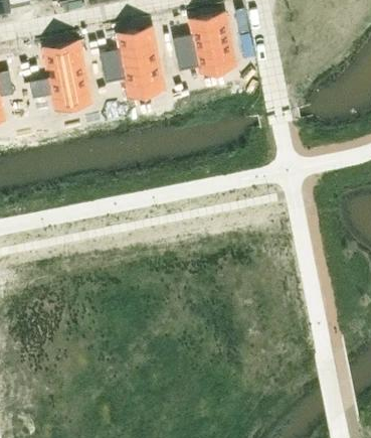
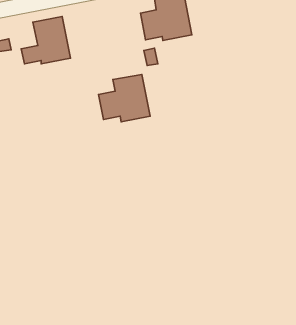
building: [101,31,163,89] -> [99,74,150,122]

